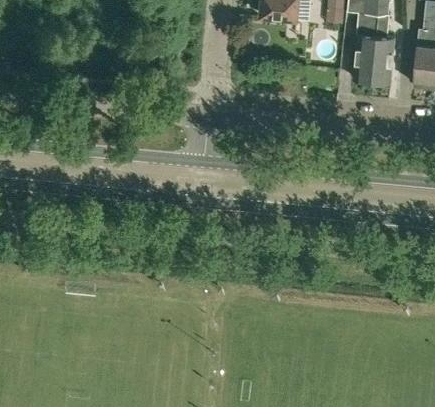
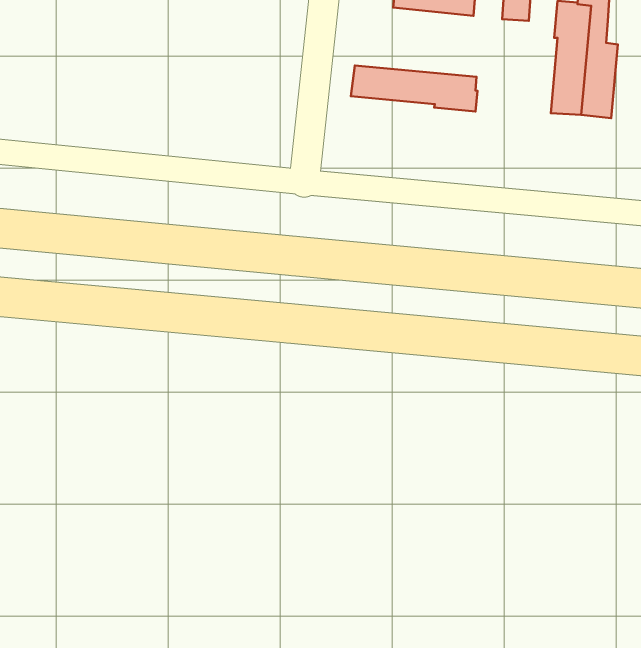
building: none -> [351,66,477,111]

